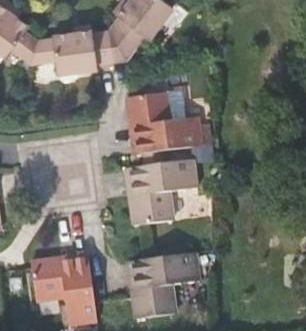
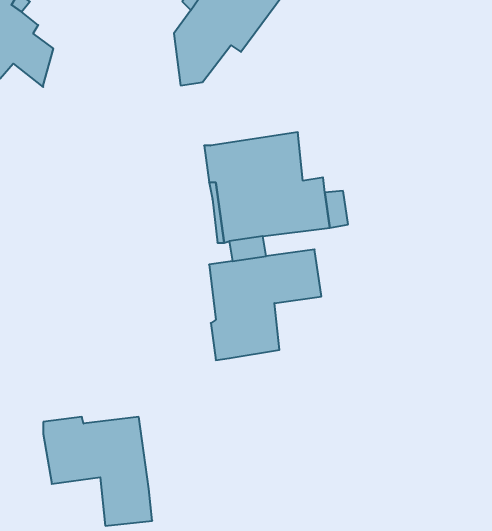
building: [31,29,113,76] -> none
building: [133,253,199,319] -> none

